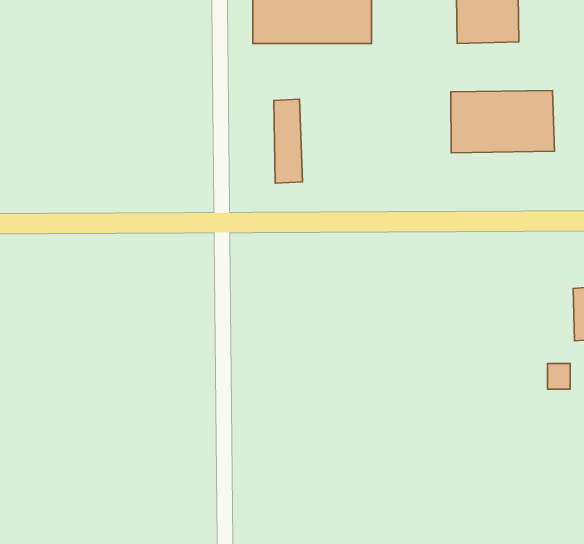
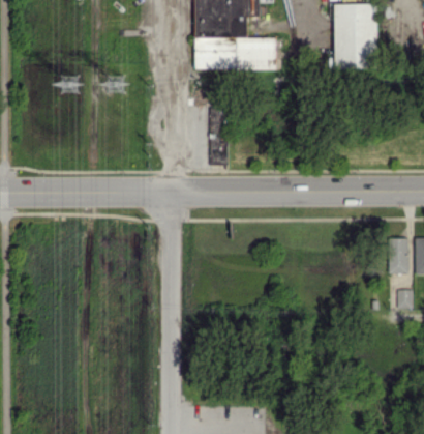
building: [451,90,555,153] -> none
building: none -> [383,238,408,273]

